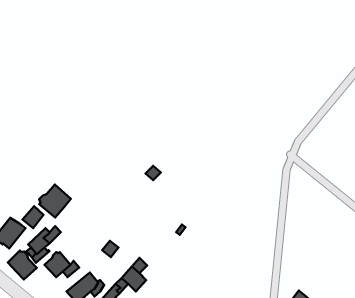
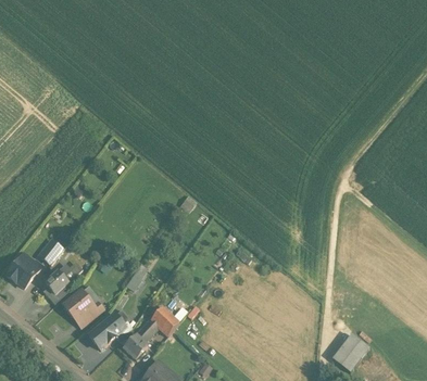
building: [39,184,71,217] -> none
building: [8,251,37,279] -> none

